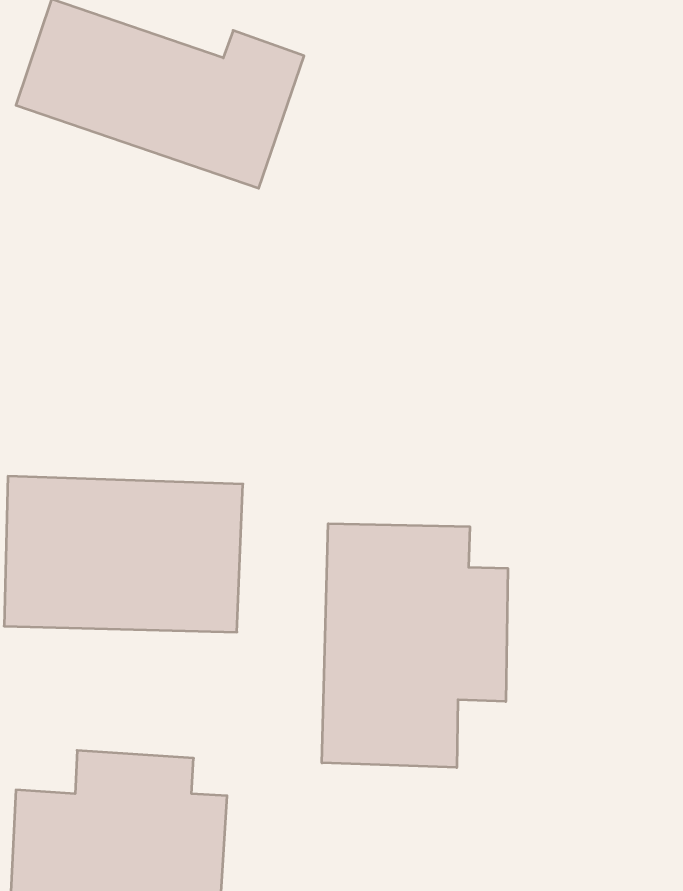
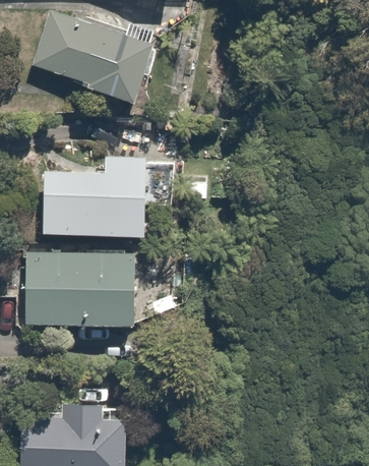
building: none -> [41,161,149,238]
building: [322,524,508,768] -> none

